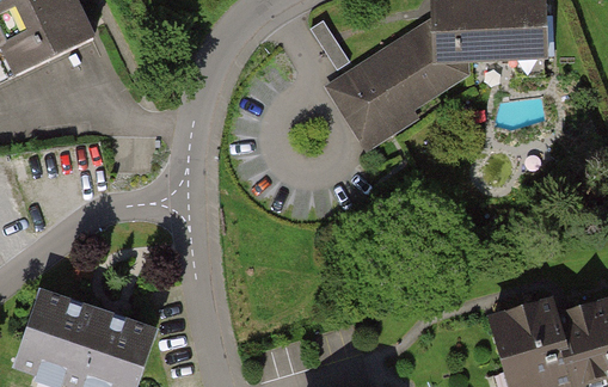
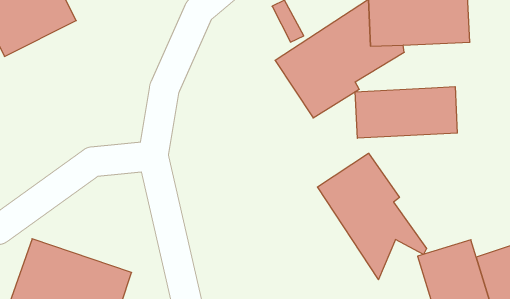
building: none -> [355,87,457,138]
building: none -> [317,153,427,280]

